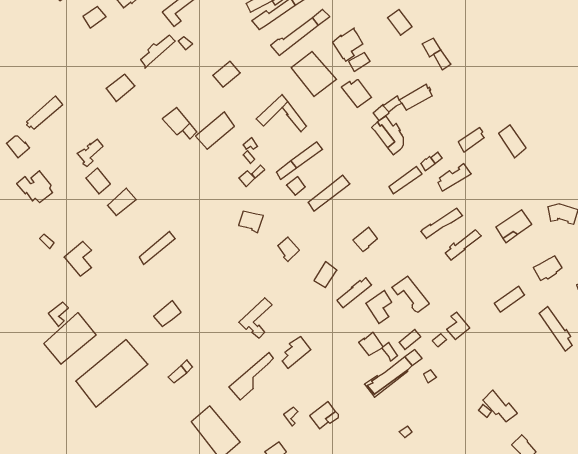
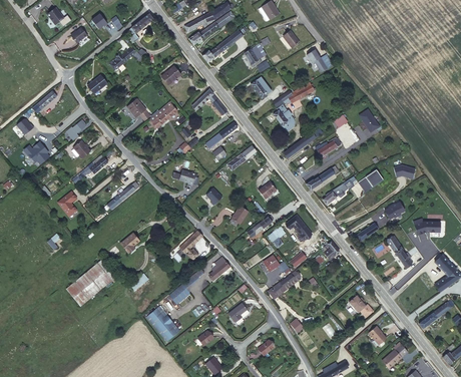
building: [291,51,337,97] -> none
building: [44,313,96,364] -> none

